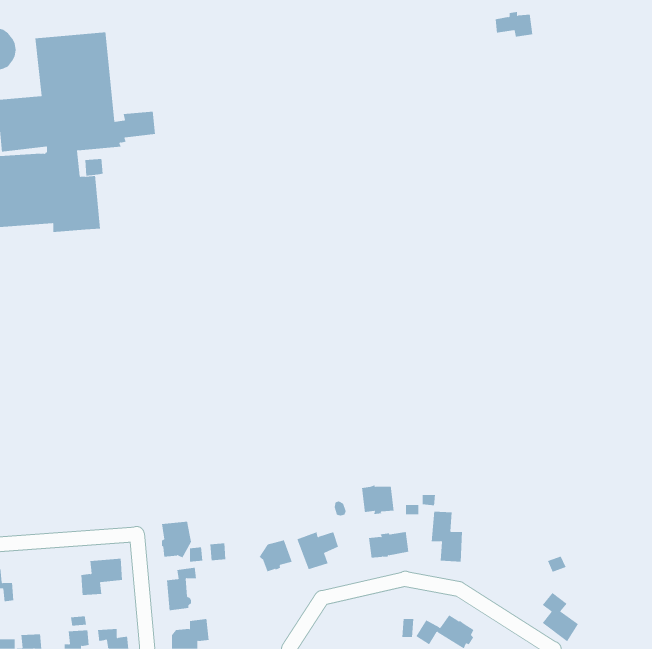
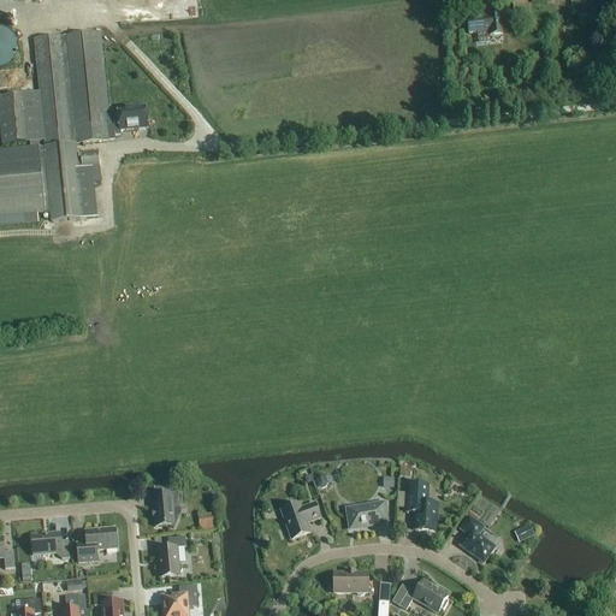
building: [361,485,394,515] -> none
building: [259,540,293,572] -> none
building: none -> [30,531,69,557]
building: [542,592,579,642] -> [458,514,493,561]
building: none -> [332,570,367,593]

